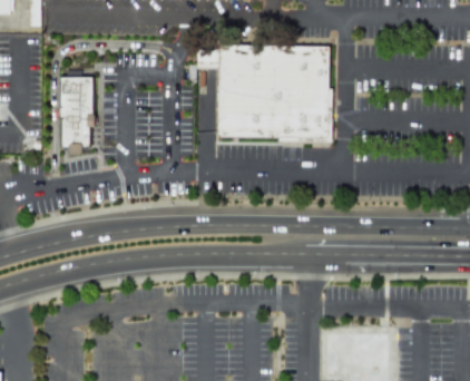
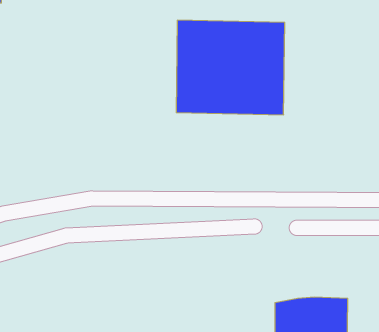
building: [61,78,91,154] -> none

